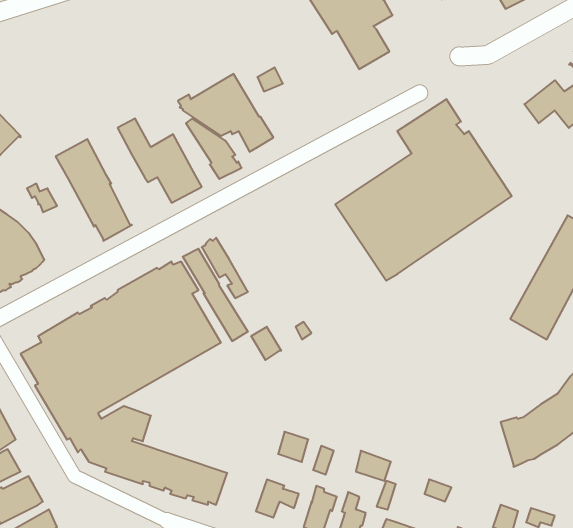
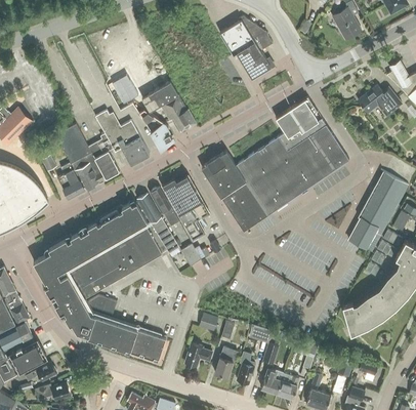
building: none -> [112,76,138,105]
building: none -> [88,134,119,179]
building: none -> [201,152,268,233]
building: none -> [57,163,85,199]
building: none -> [162,176,209,241]

